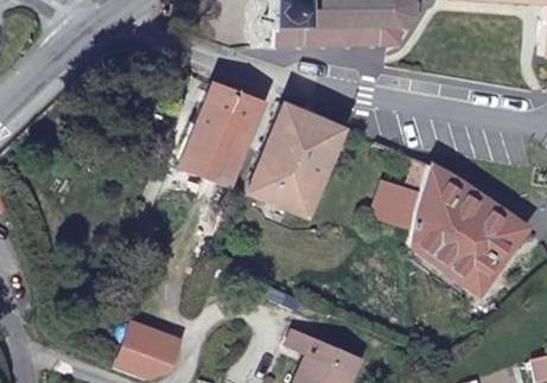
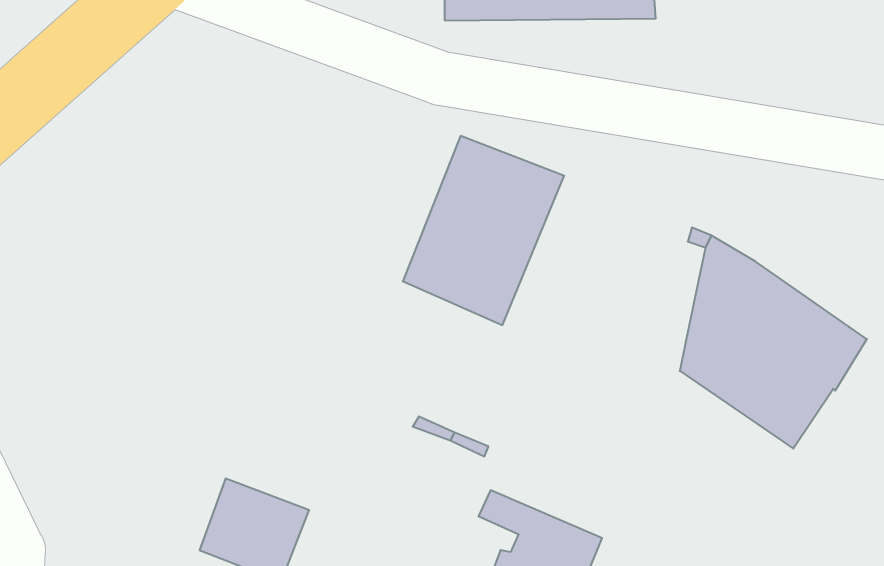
building: [180,91,263,191] -> none
building: [377,190,422,232] -> none

